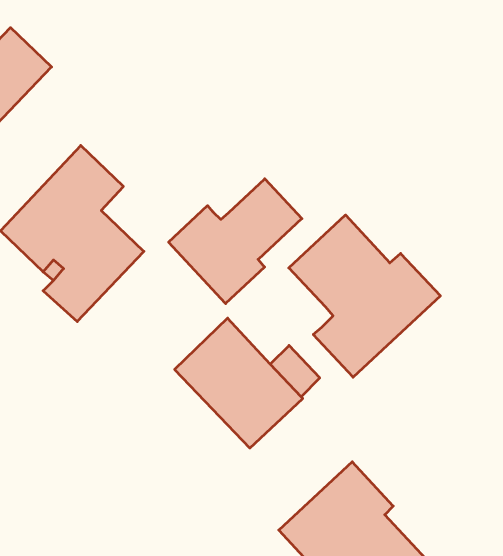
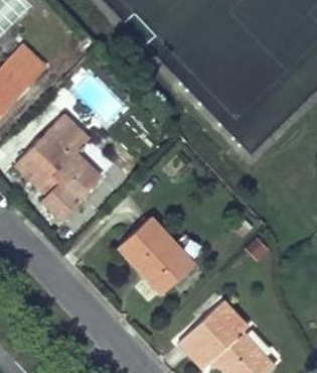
building: [169,179,302,304] -> none
building: [289,215,440,377] -> none

